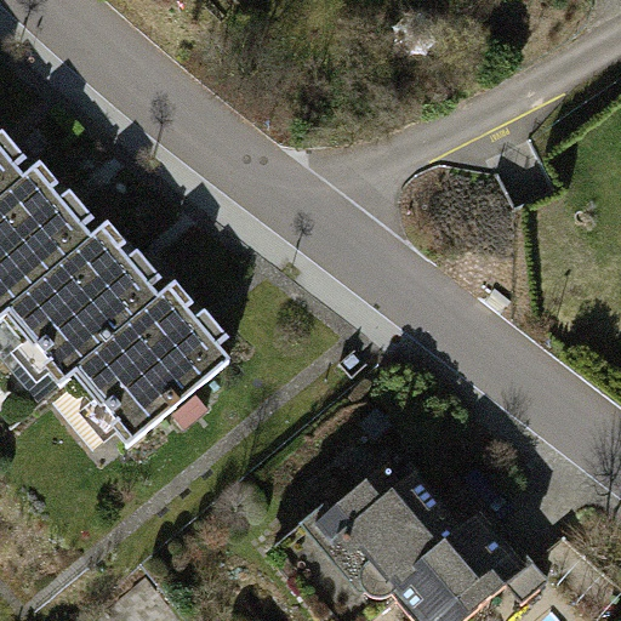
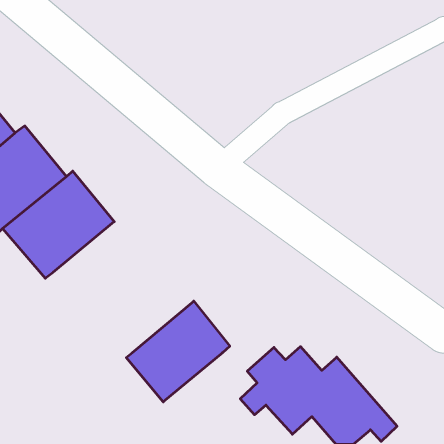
building: [73,294,226,441] -> none
building: none -> [126,301,230,402]

